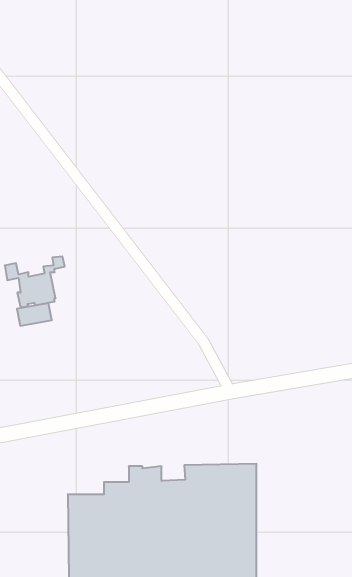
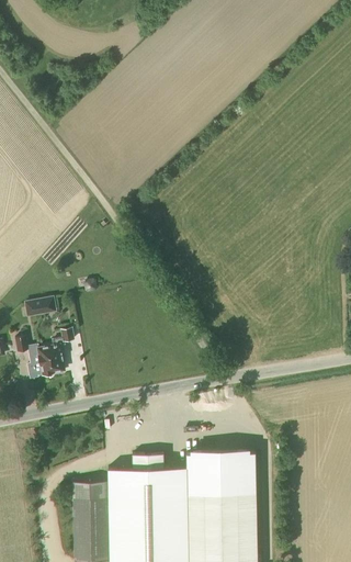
building: [5,256,65,307] -> [15,329,73,379]

